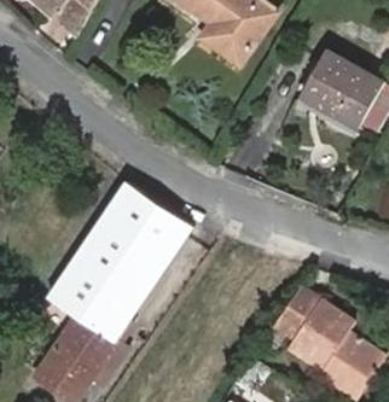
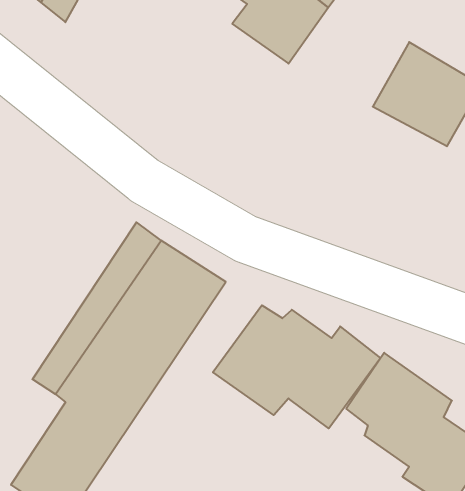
building: none -> [213,305,381,428]

